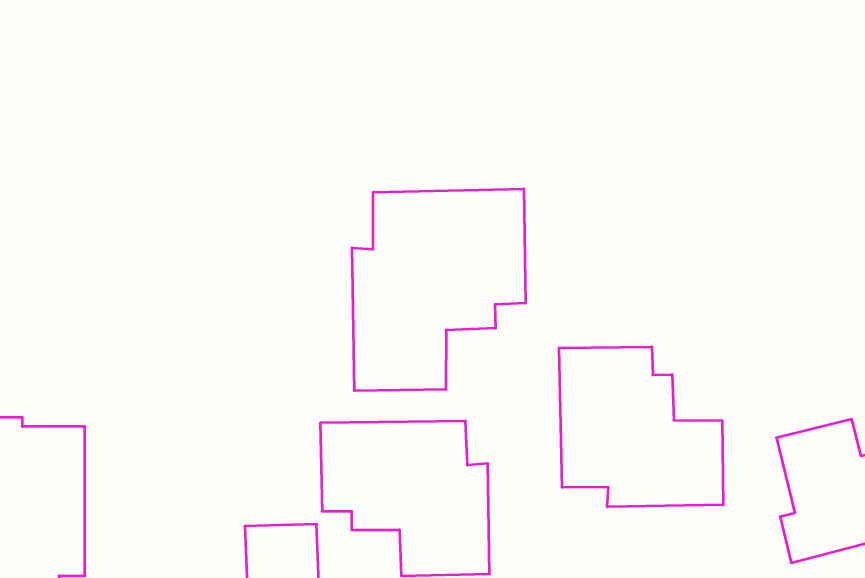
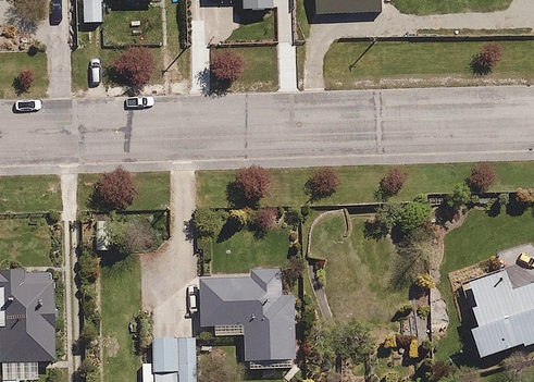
building: [352,189,525,391] -> none
building: [559,347,723,507] -> none

